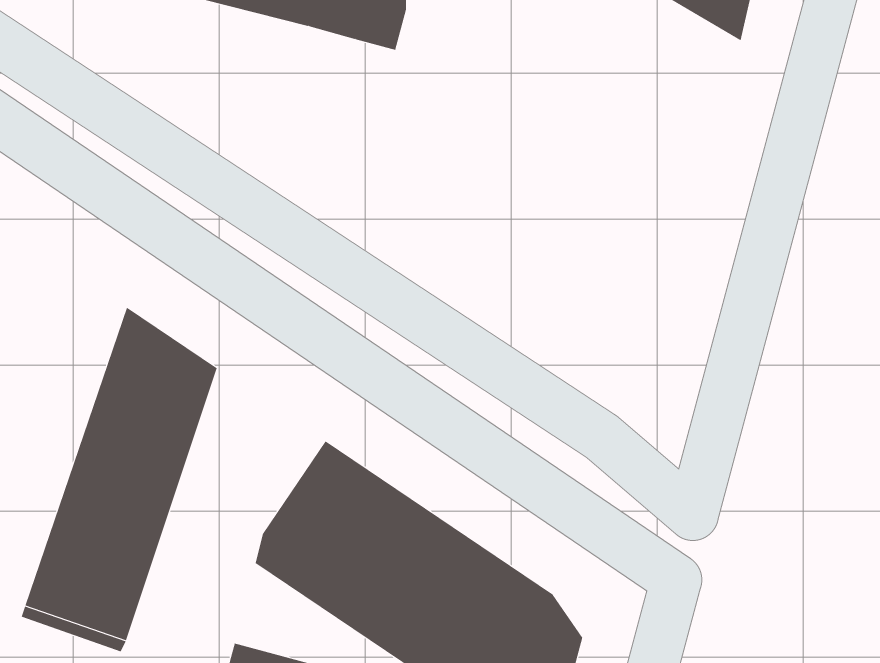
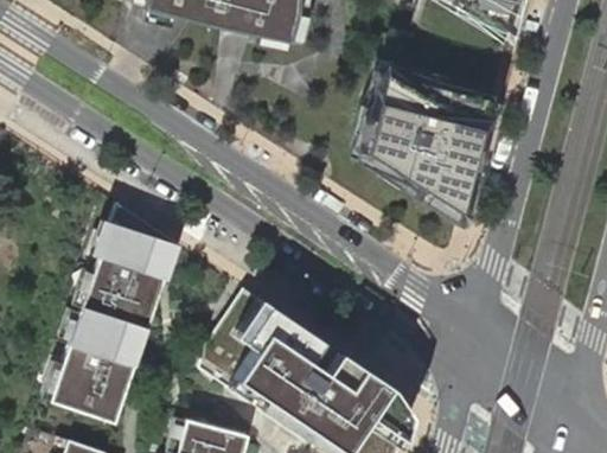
building: none -> [362,74,491,217]

